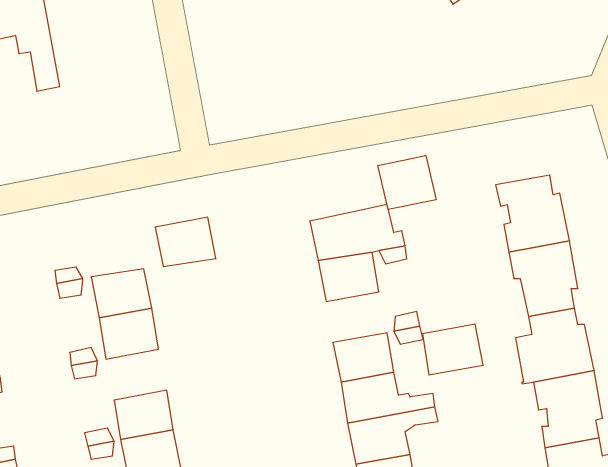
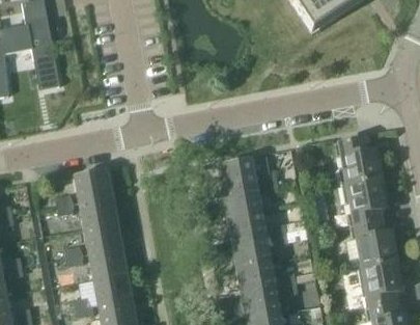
building: [378,155,436,210] -> none
building: [155,217,216,267] -> [75,170,113,201]
building: [422,324,483,375] -> [228,211,267,243]
building: none -> [89,247,128,279]

